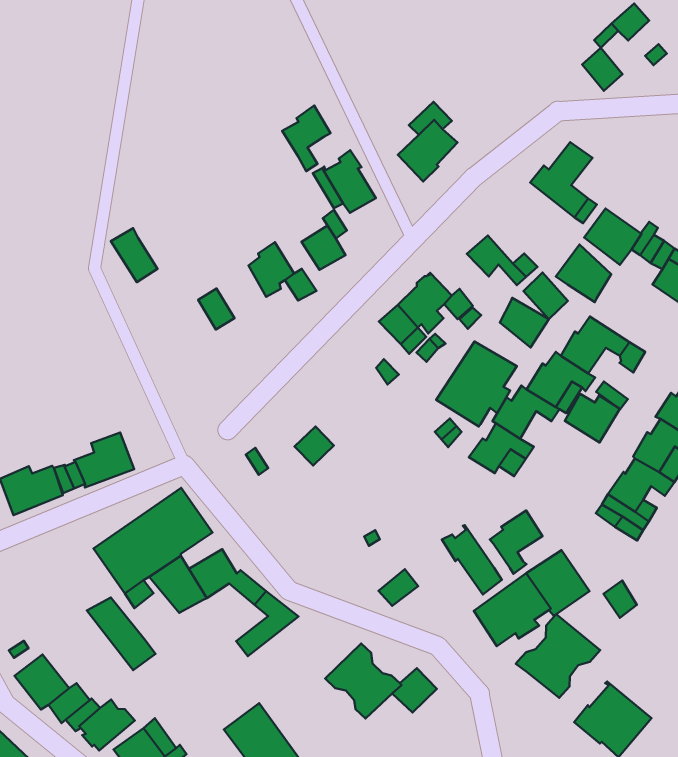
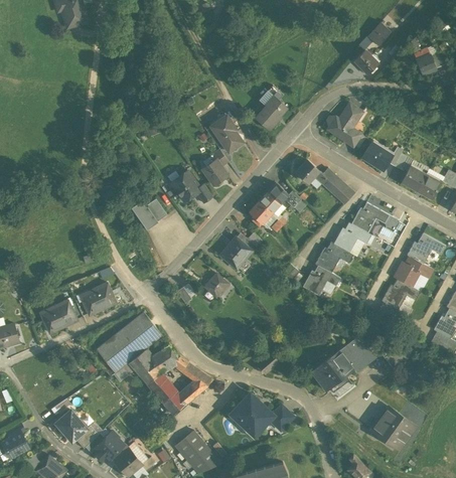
building: [282,106,330,171] -> none
building: [111,228,157,282] -> [130,200,157,230]
building: [556,244,611,302] -> none
building: [500,298,549,347] -> none
building: [436,342,517,426] -> none
building: none -> [219,236,251,273]
building: [565,394,620,442] -> none
building: [490,511,542,574] -> none
building: [442,525,502,594] -> none
building: [87,598,156,670] -> [145,374,185,415]
building: [516,614,600,698] -> none

